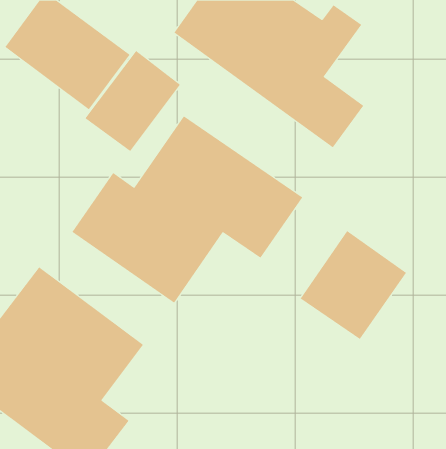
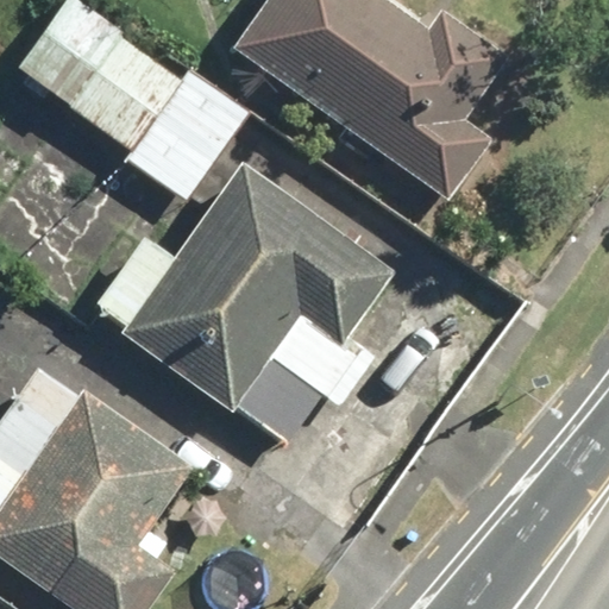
building: [300,230,407,340] -> none

